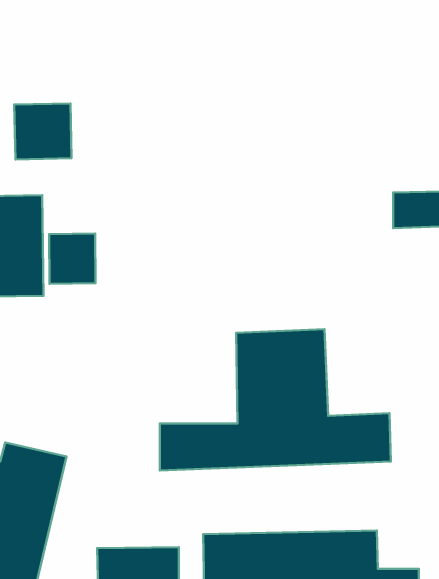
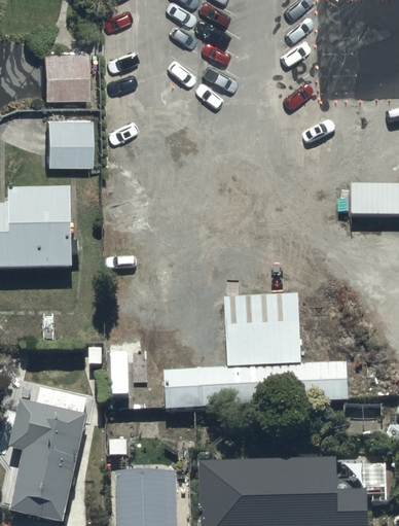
building: none -> [46,47,90,102]
building: [49,233,96,284] -> none

